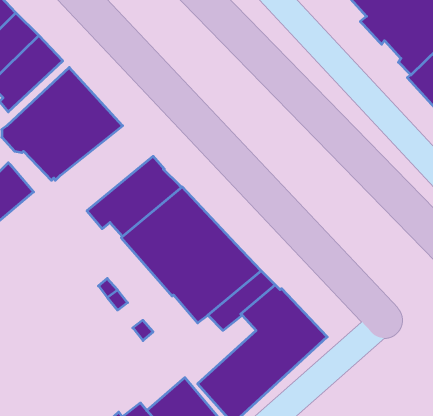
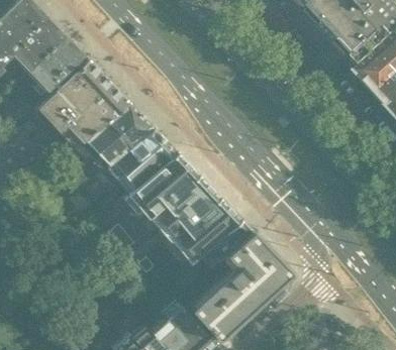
building: none -> [77,105,154,183]

